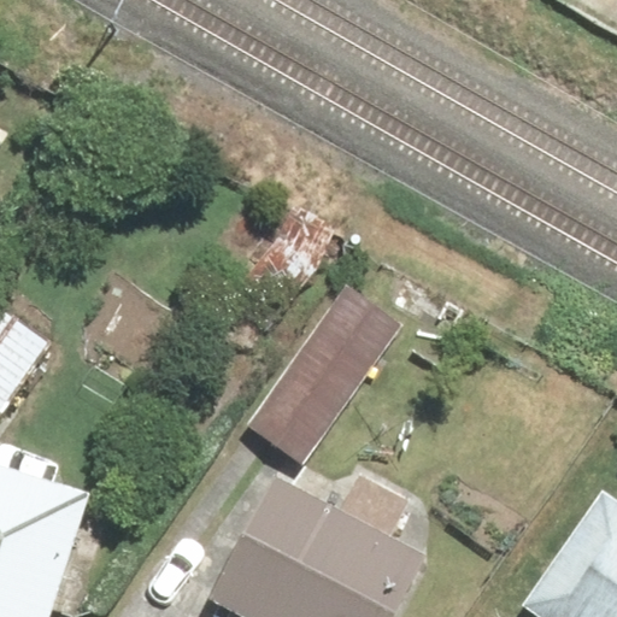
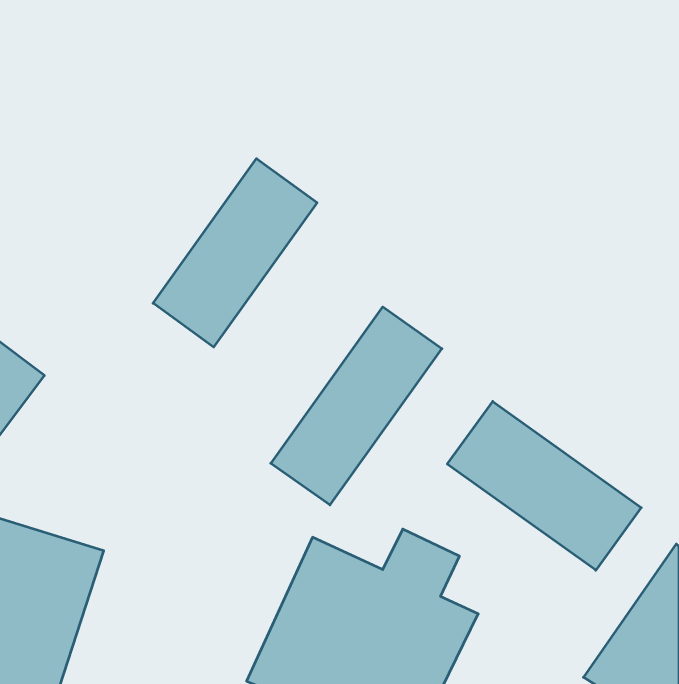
building: none -> [153,159,317,347]
building: none -> [447,401,641,570]

